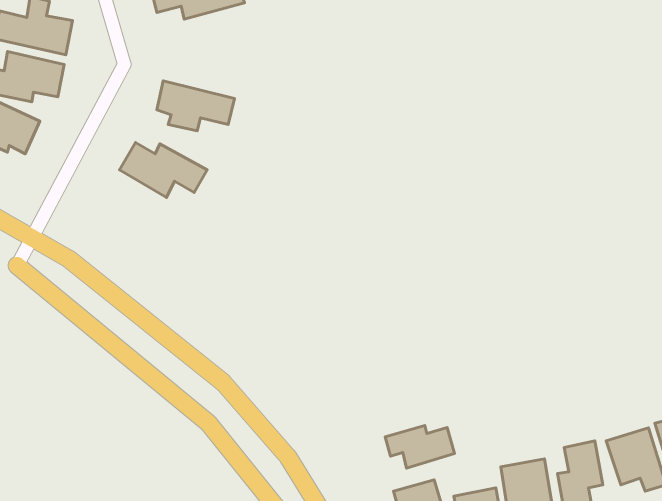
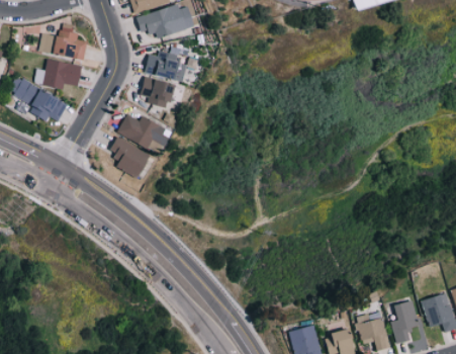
building: none -> [146,52,188,82]
building: none -> [110,138,151,178]
building: [385,426,454,468] -> none

